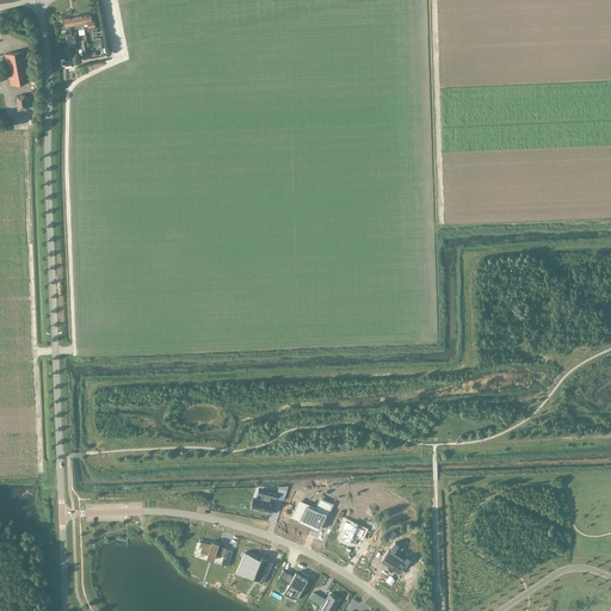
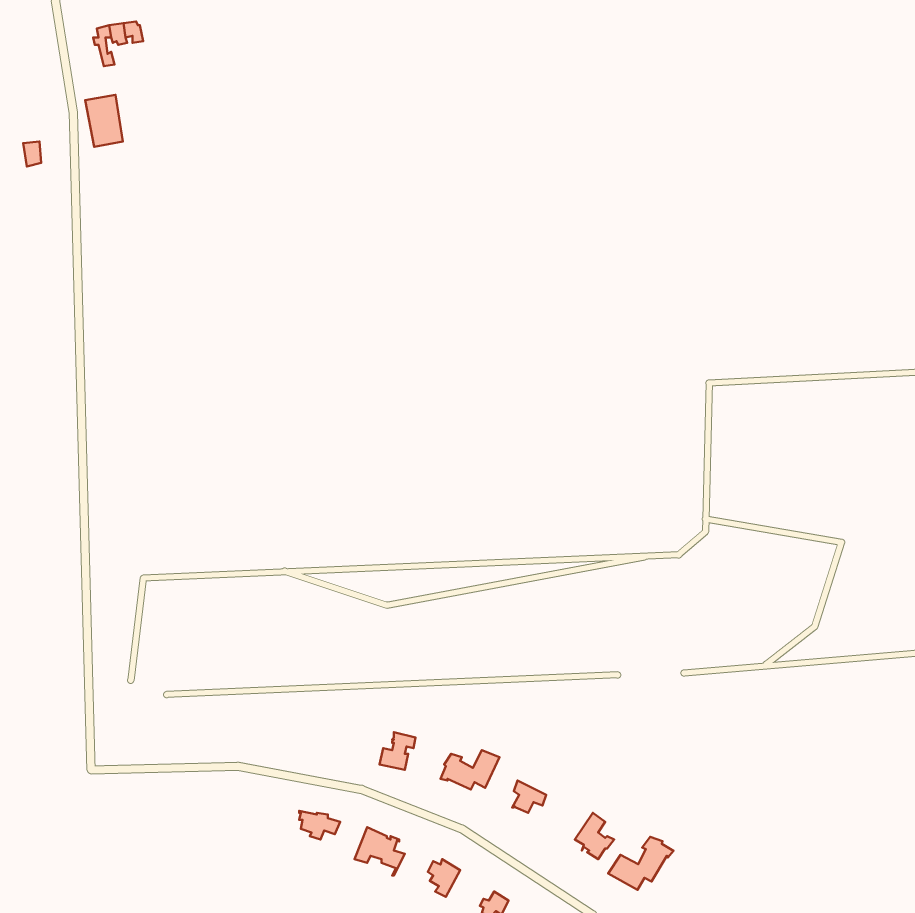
building: [5,51,30,86] -> [85,95,123,147]
building: none -> [608,837,673,890]

